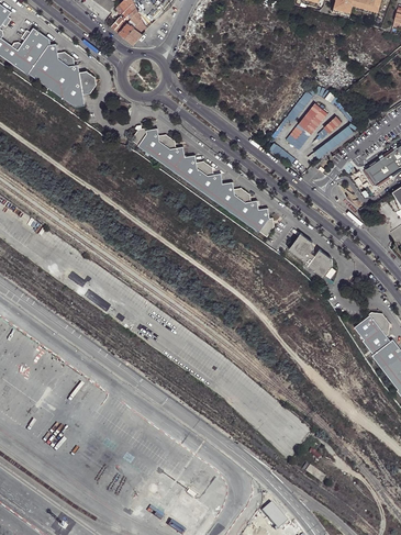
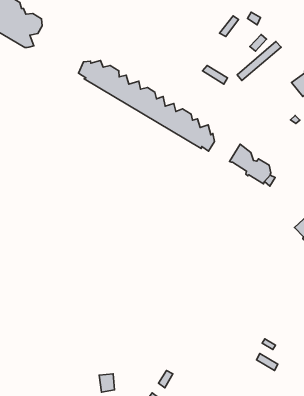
building: [286,102,326,152] -> none

